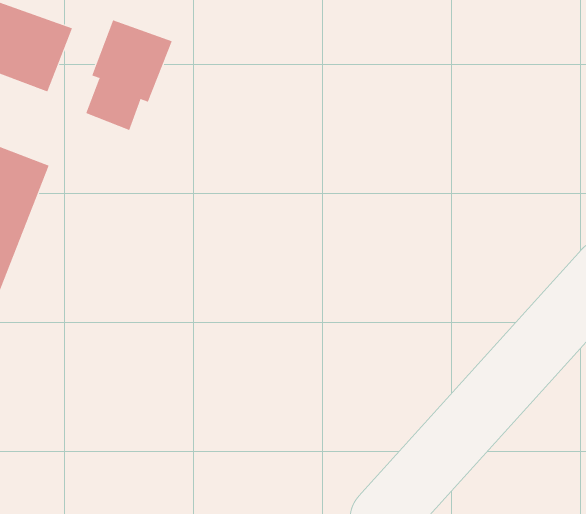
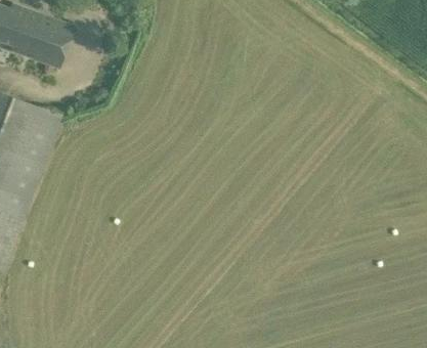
building: [85,19,172,131] -> none

